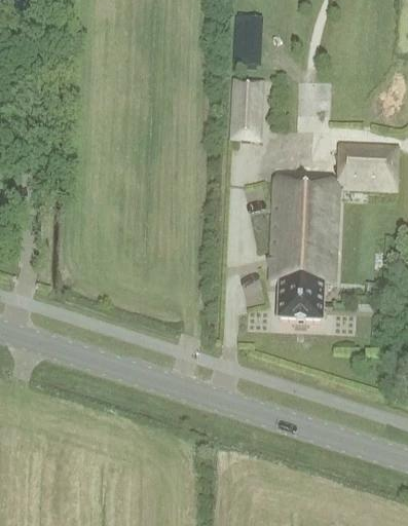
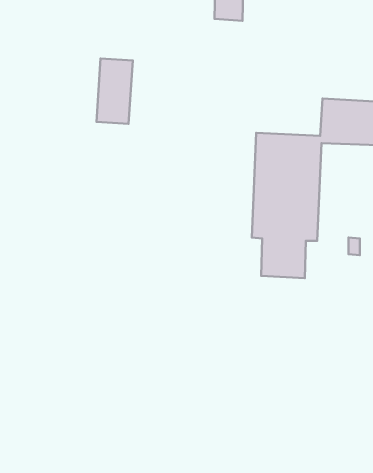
building: [229,75,265,140] -> [96,58,133,124]

